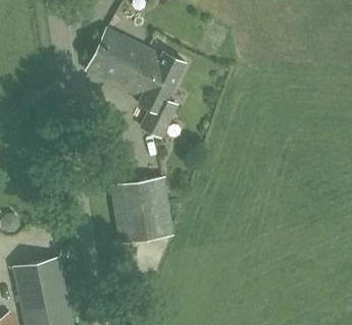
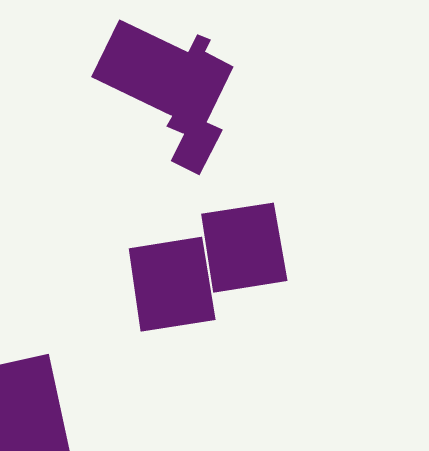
building: none -> [201,202,288,293]

